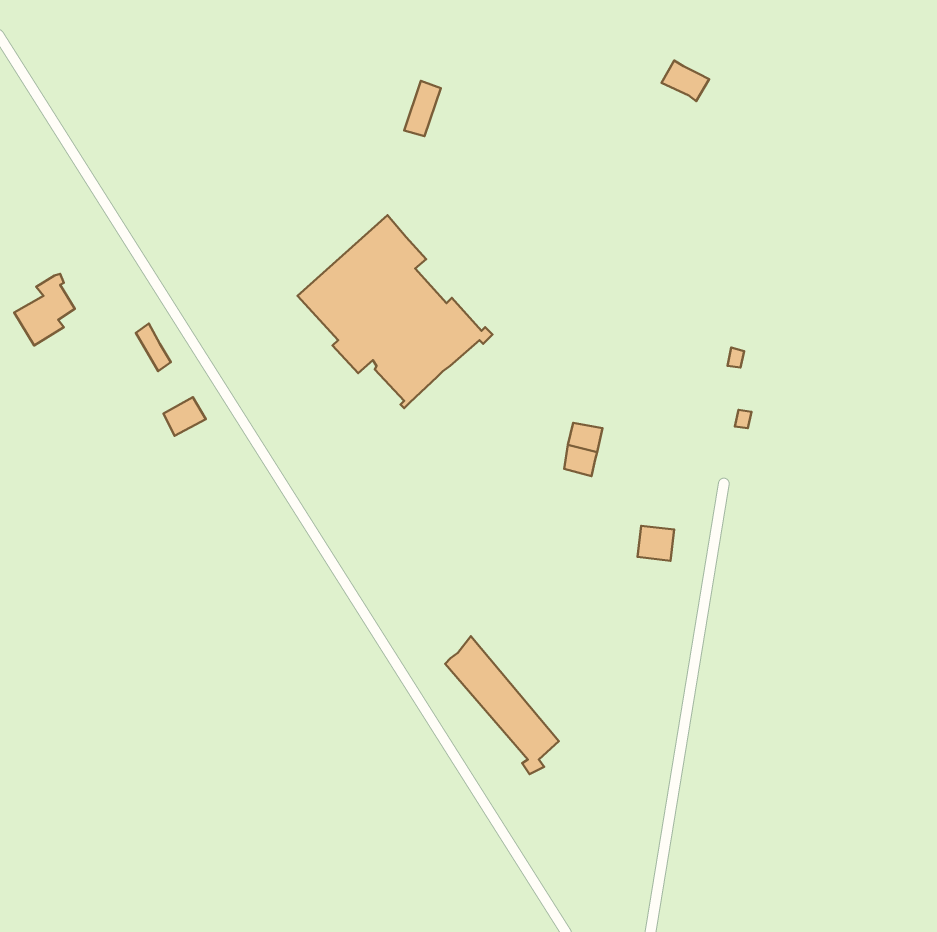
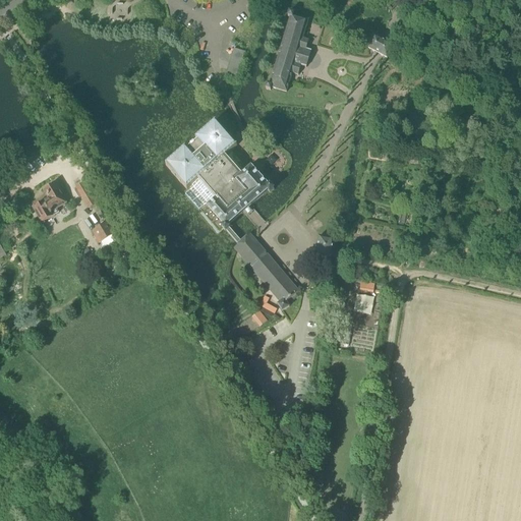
building: none -> [265,8,310,89]
building: [14,274,75,345] -> [31,180,64,220]
building: [445,636,559,774] -> [234,231,297,307]

